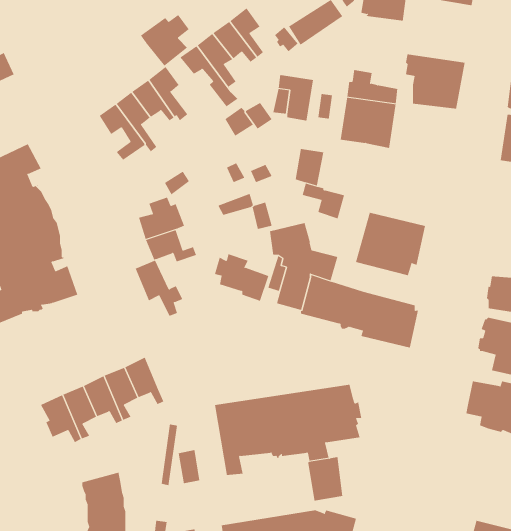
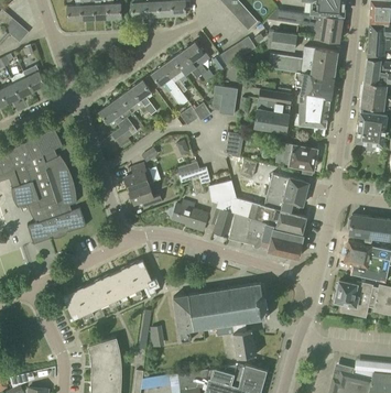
building: [140,14,190,66] -> none
building: none -> [268,46,337,77]
building: none -> [294,103,328,128]
building: none -> [274,141,316,174]
building: none -> [248,201,306,232]
building: [135,260,183,317] -> [129,260,160,296]

